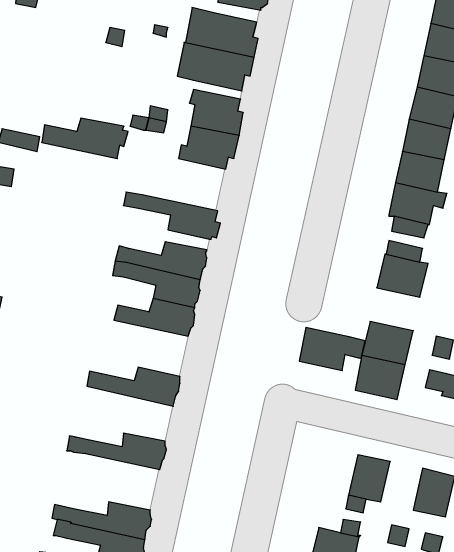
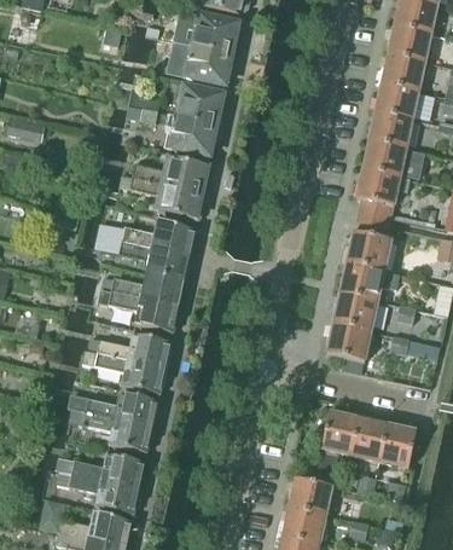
building: [42,118,128,159] -> [135,157,213,193]
building: none -> [97,290,176,331]
building: [299,327,365,371] -> [339,262,399,301]
building: none -> [81,351,163,393]
building: none -> [69,409,151,452]
building: none -> [349,418,387,462]

